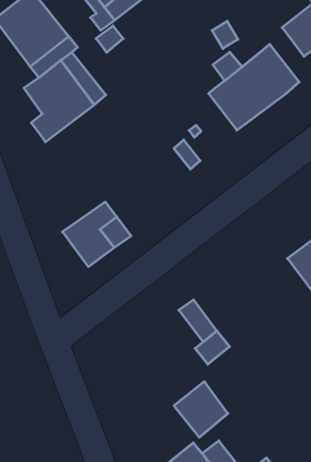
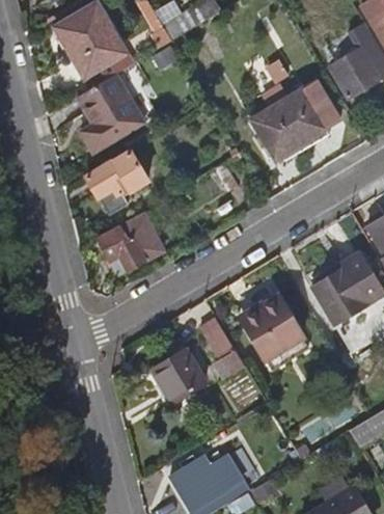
building: none -> [87,153,146,215]
building: none -> [240,296,301,359]
building: [174,382,228,437] -> [153,347,203,400]

